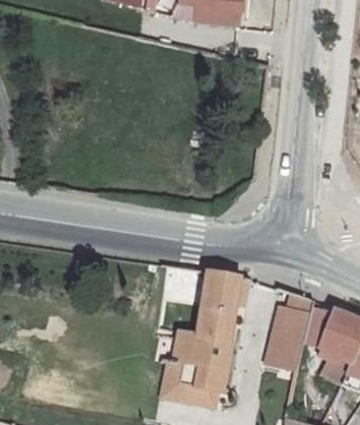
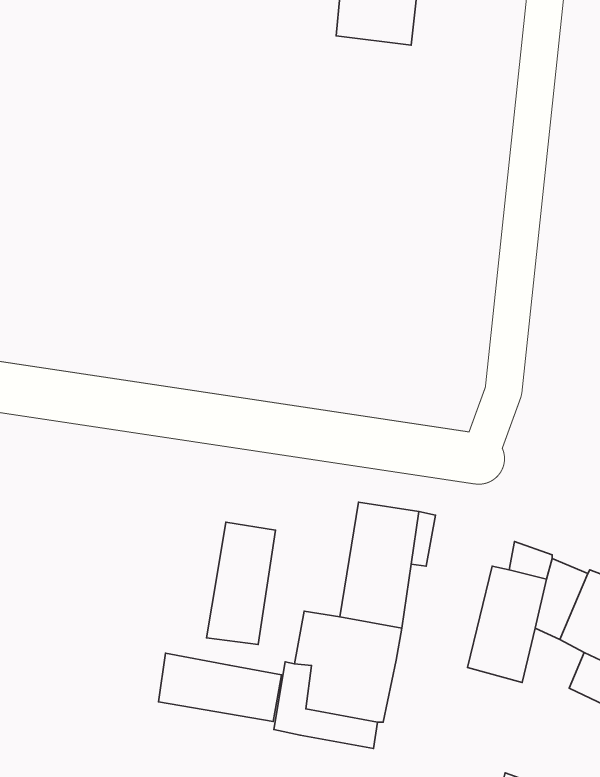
building: none -> [207,522,275,644]
building: none -> [158,653,281,722]

